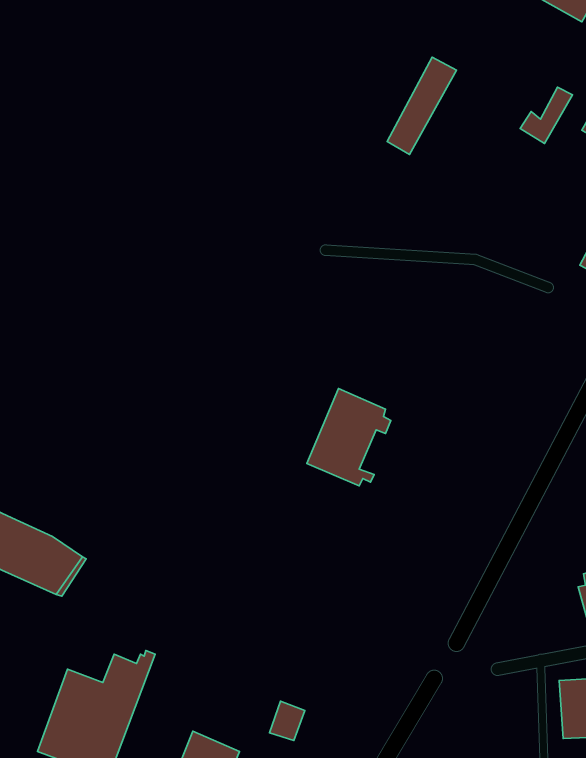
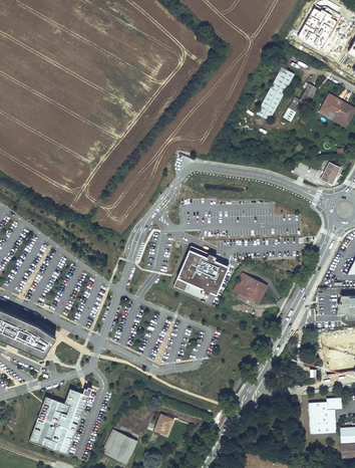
building: [387,57,456,154] -> [257,67,294,120]
building: none -> [202,262,229,294]
building: none -> [233,273,268,303]

